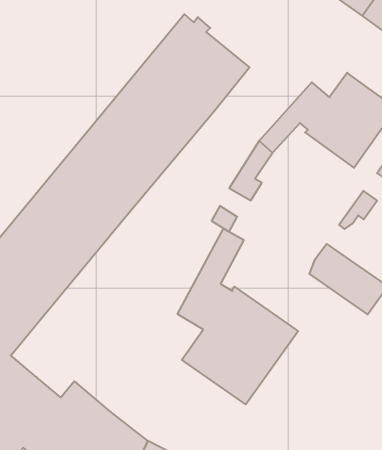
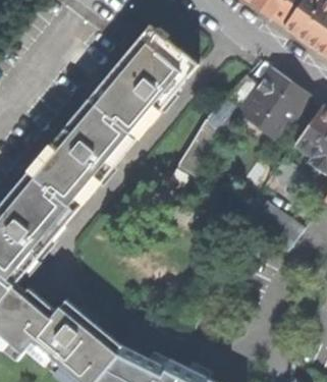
building: [178,228,298,404] -> none

